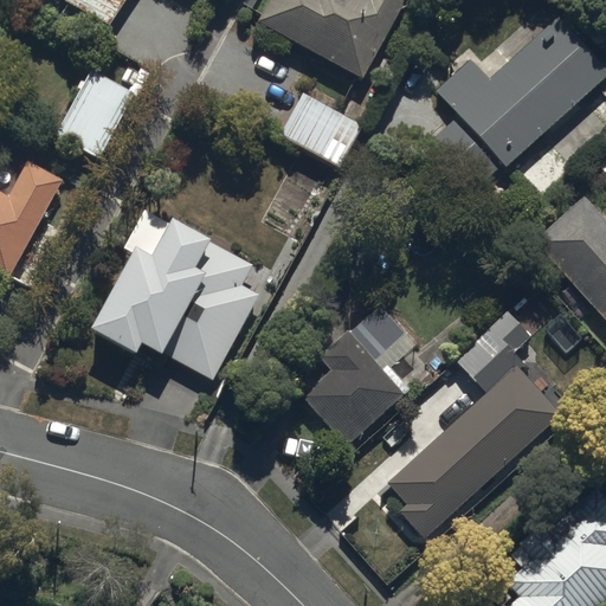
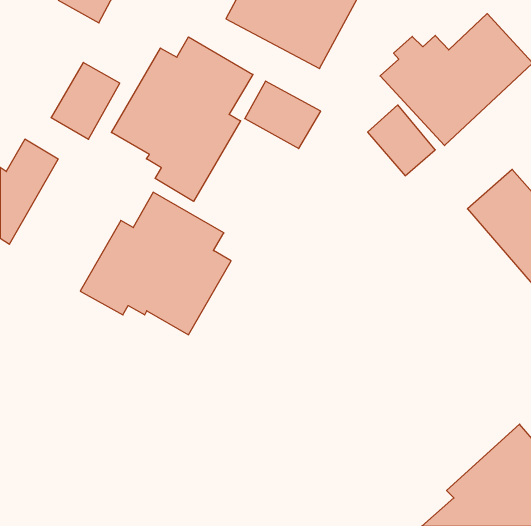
building: none -> [111,37,253,201]
building: [301,303,426,445] -> none
building: [387,311,560,540] -> none

